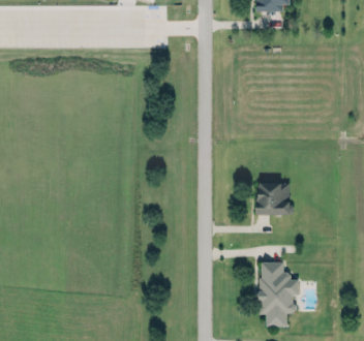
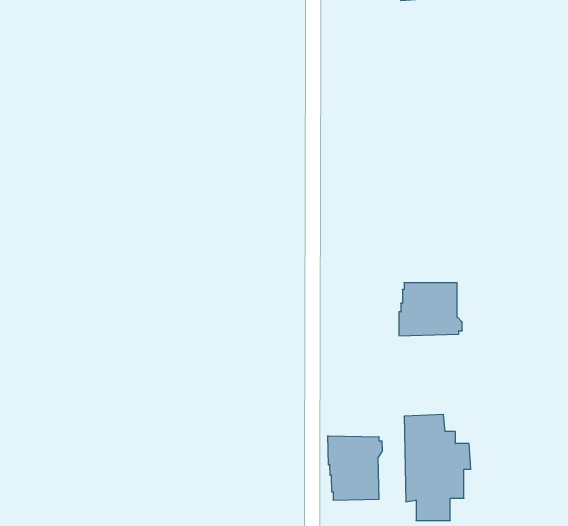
building: none -> [328,436,382,500]

